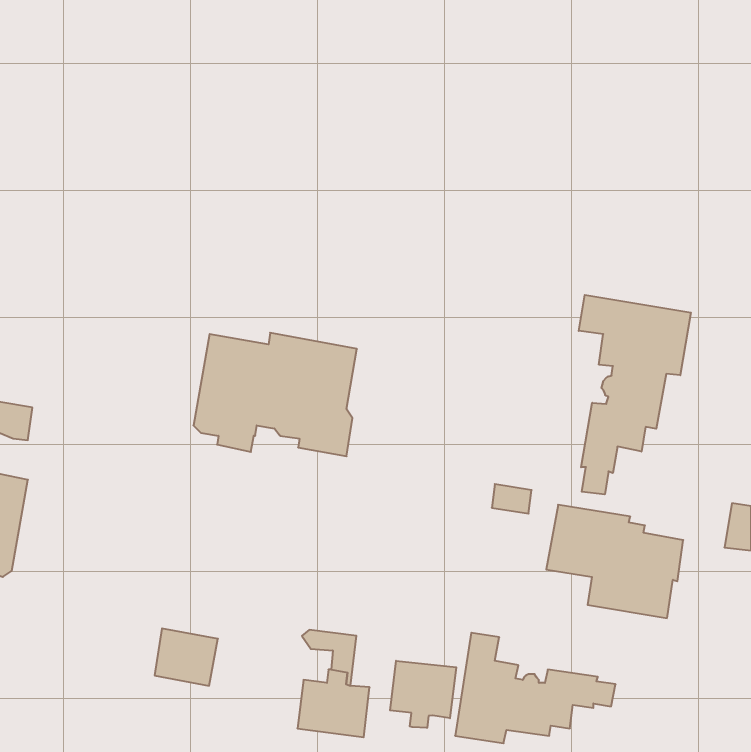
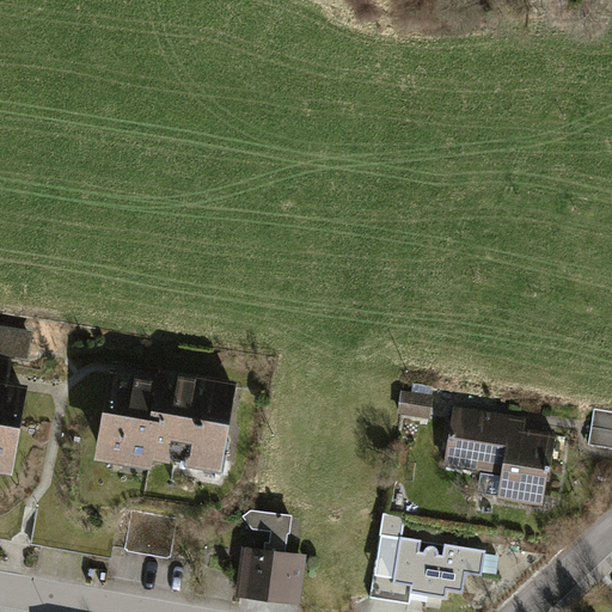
building: [579,295,691,494] -> none
building: [193,333,357,456] -> [99,374,232,475]
building: [390,661,456,728] -> none

